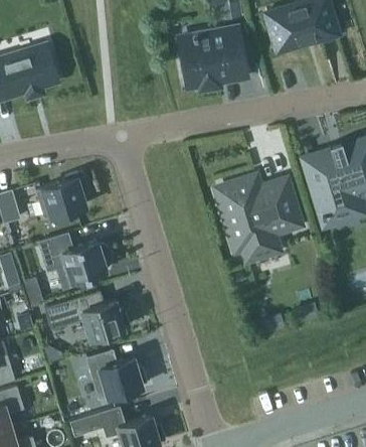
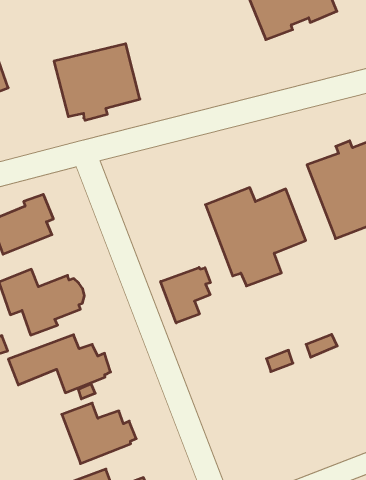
building: [176,28,246,91] -> [54,44,140,120]
building: none -> [161,267,210,323]

